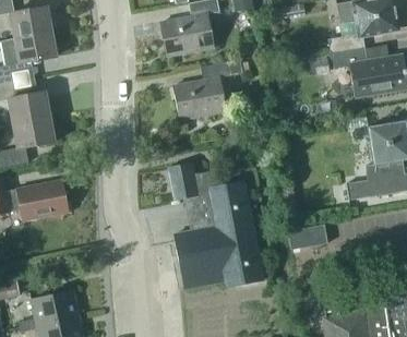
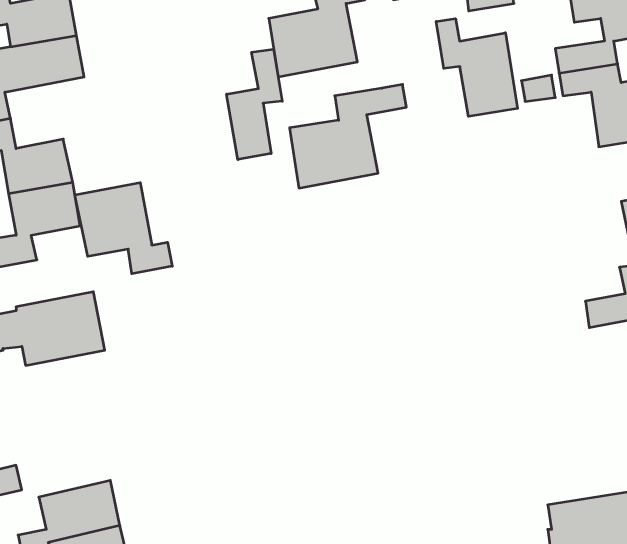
building: none -> [436,19,518,116]
building: none -> [227,49,282,160]
building: none -> [75,183,172,274]
building: [169,161,263,289] -> none
building: [289,225,327,250] -> none

